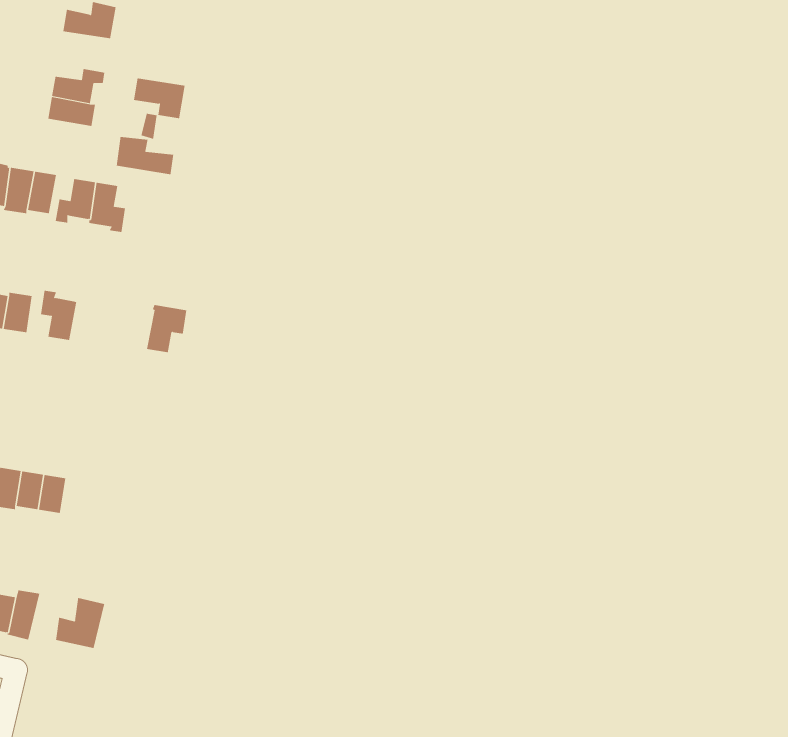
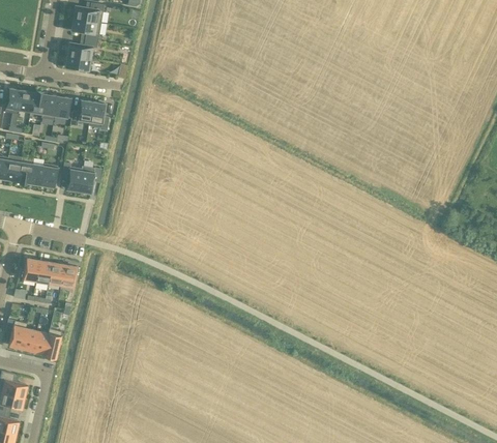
building: [133,78,185,119] -> [71,19,100,41]
building: [116,136,174,175] -> none
building: [146,304,187,353] -> [78,166,100,193]
building: [56,597,105,649] -> none

